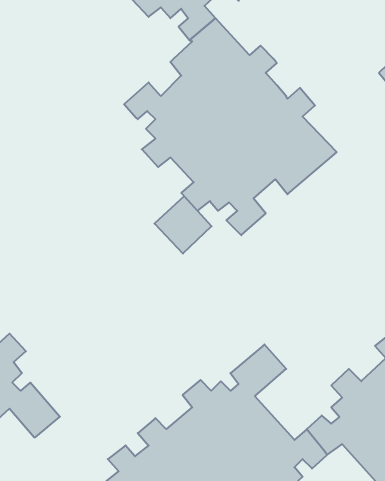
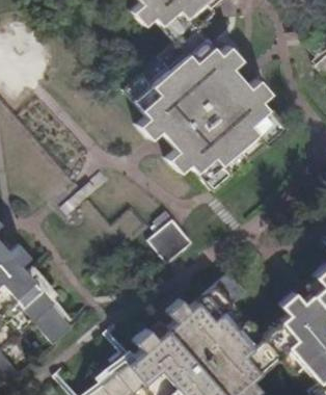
building: [154,196,212,254] -> [147,217,191,261]

